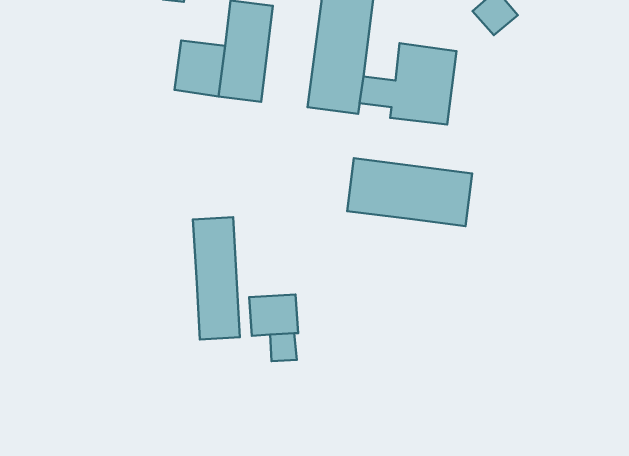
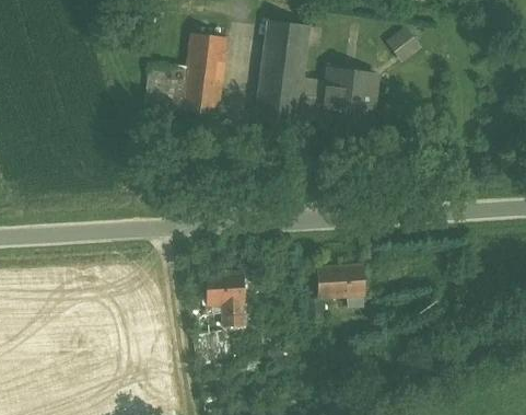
building: [347,158,472,226] -> none
building: [193,217,240,340] -> none
building: none -> [318,268,365,299]

